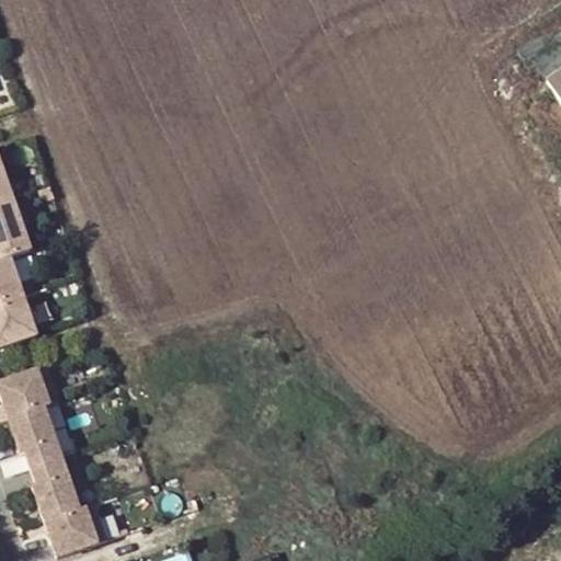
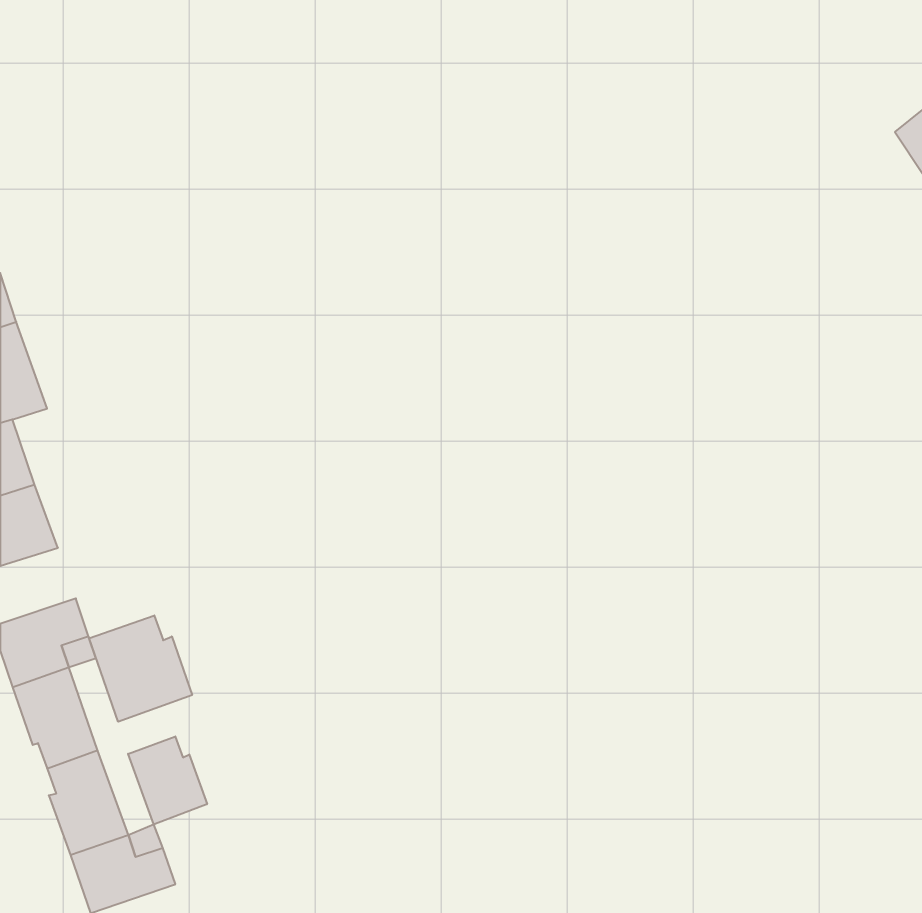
building: none -> [89,615,192,722]
building: none -> [128,736,207,824]

